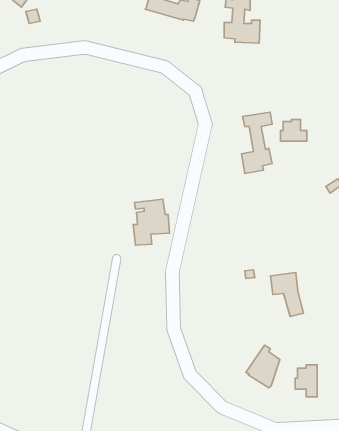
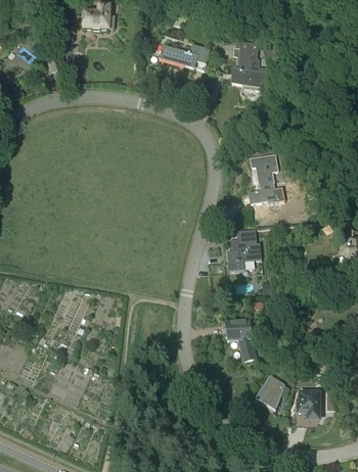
building: [280,119,307,141] -> none
building: [133,199,169,245] -> [227,228,261,271]
building: [271,273,303,316] -> [226,320,257,361]

